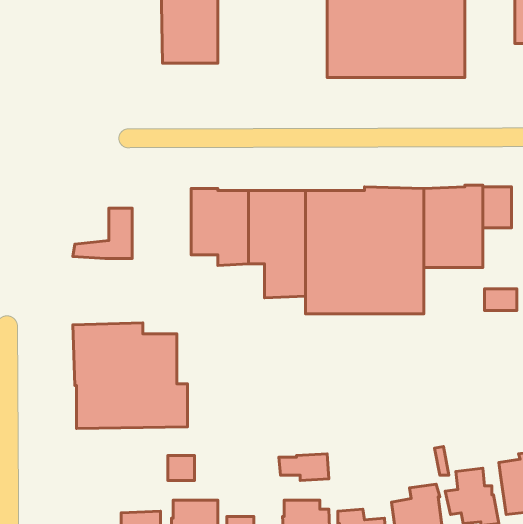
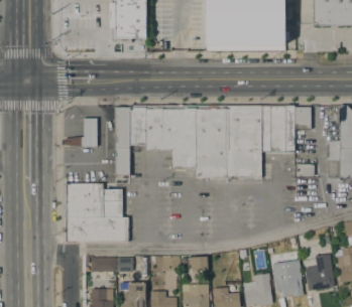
building: none -> [115,108,131,175]
building: none -> [92,258,118,272]

